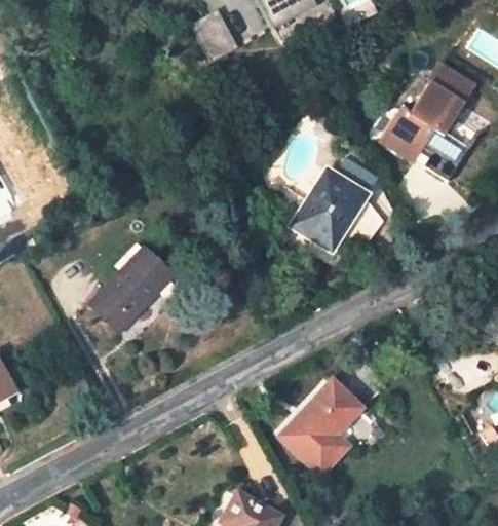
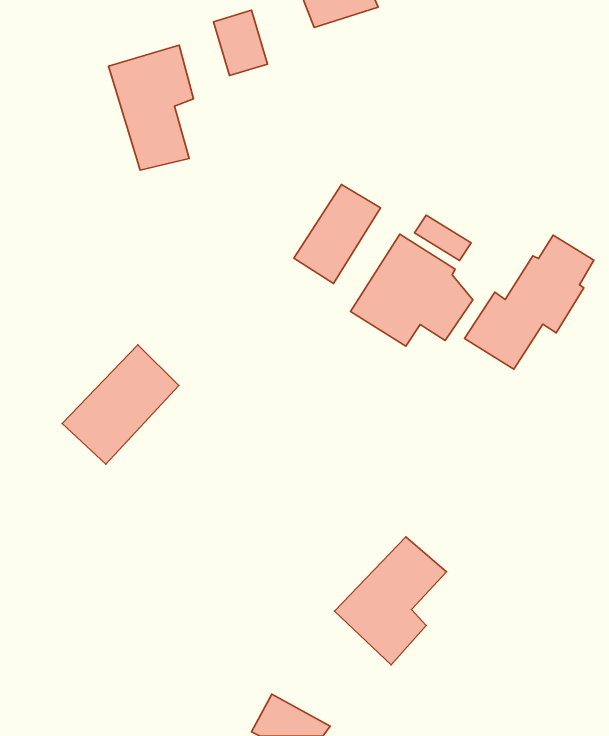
building: none -> [109,45,193,170]
building: [379,67,470,161] -> [464,235,594,369]
building: none -> [294,185,381,284]

